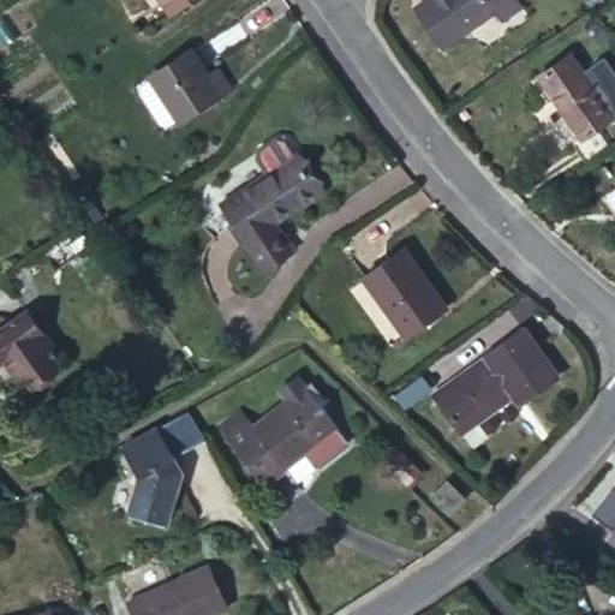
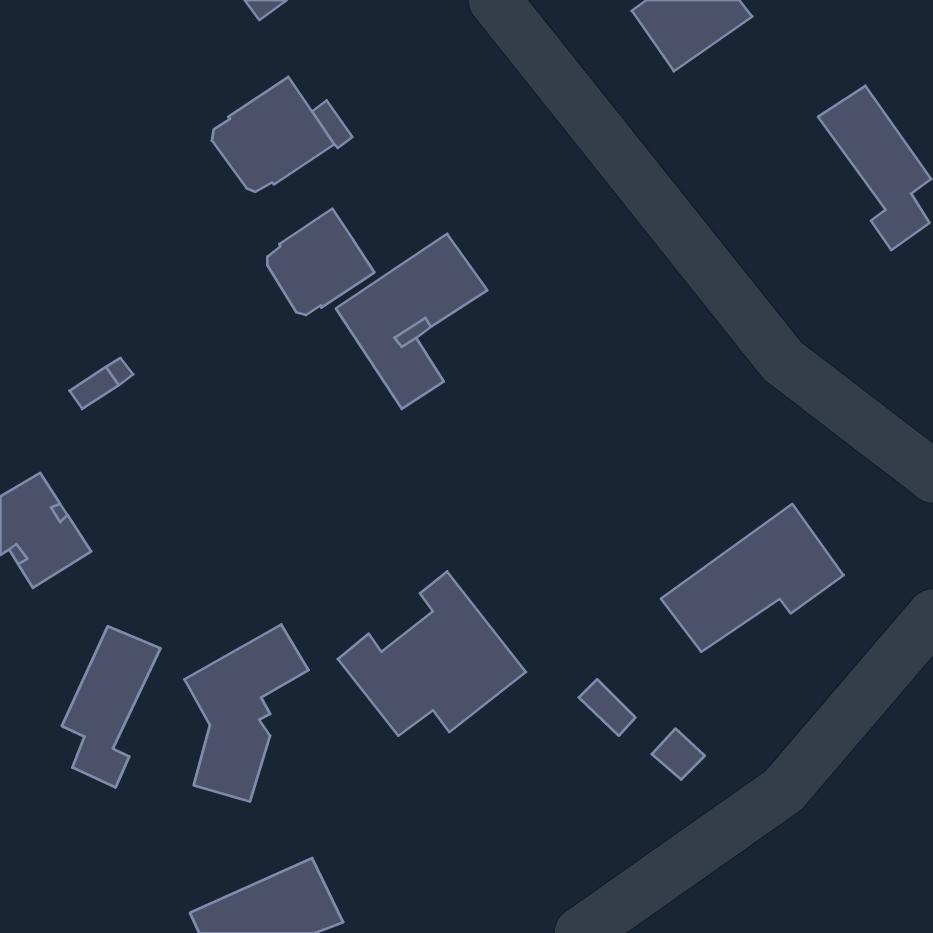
building: none -> [268,209,374,315]
building: [363,249,447,338] -> none
building: none -> [62,626,160,788]

